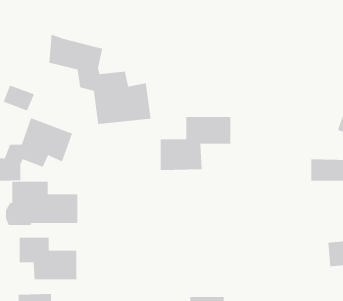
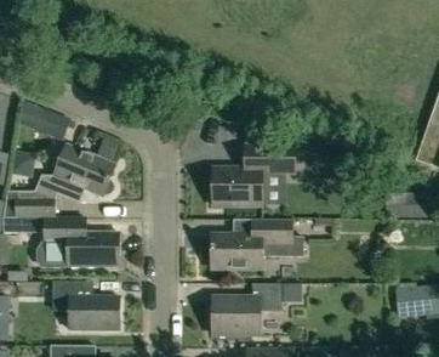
building: [49,34,151,125] -> none
building: none -> [211,219,303,267]
building: none -> [213,282,302,333]

